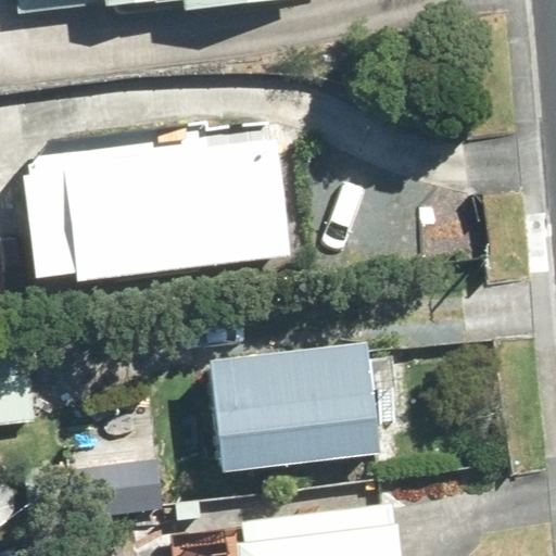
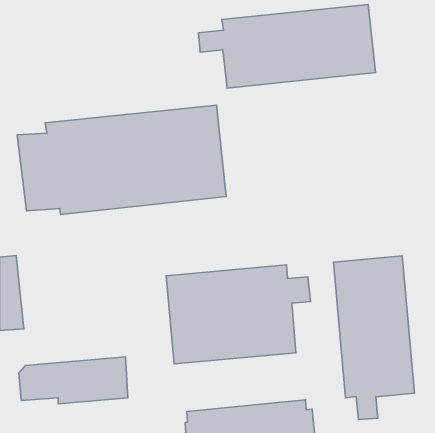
building: none -> [198,4,376,88]
building: none -> [333,256,415,419]

